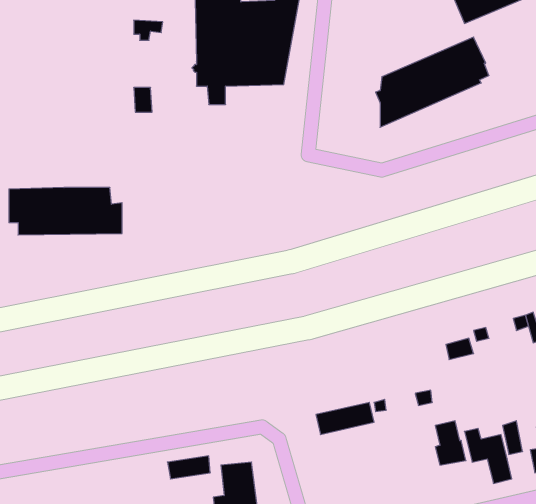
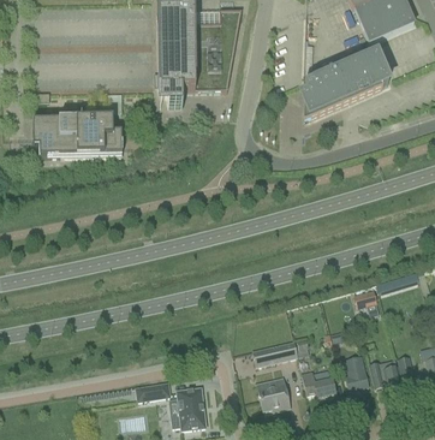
building: [9,188,122,235] -> [32,117,121,154]
building: none -> [302,367,336,394]
building: none -> [256,373,290,408]

